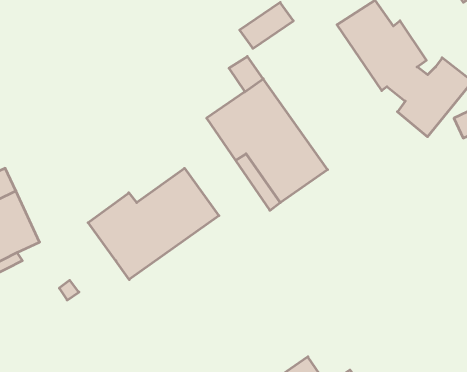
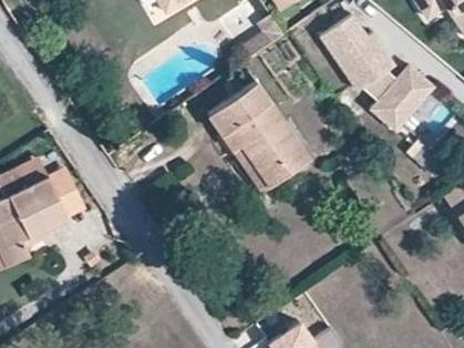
building: [88,168,219,280] -> none

